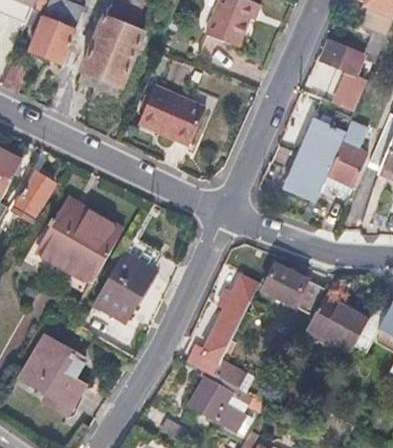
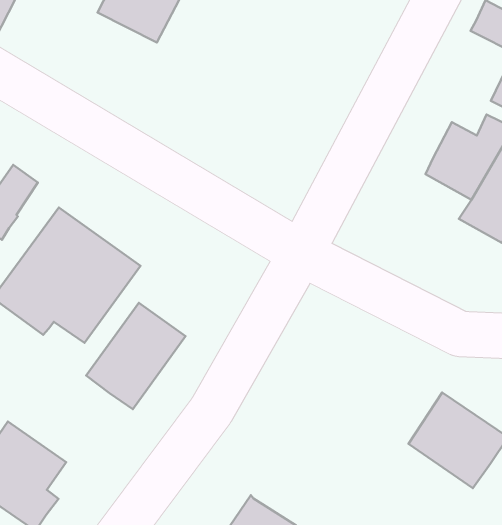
building: [137,85,202,145] -> none
building: [287,155,332,201] -> none
building: [261,265,323,314] -> none
building: [201,276,258,377] -> none

